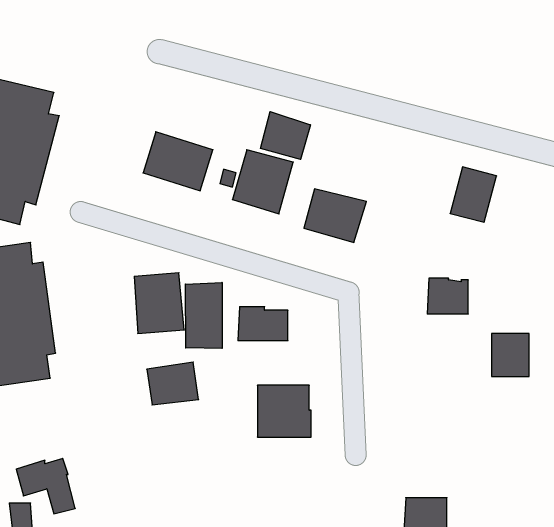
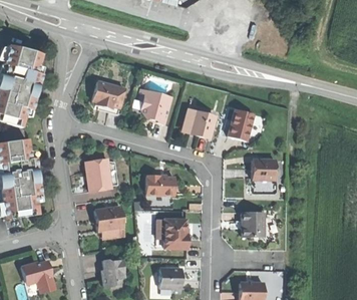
building: [261,112,310,159] -> none
building: [450,167,497,222] -> [228,110,254,141]
building: [185,282,222,348] -> none
building: [492,334,529,376] -> [241,213,262,237]
building: none -> [101,258,123,288]
building: none -> [158,269,181,293]

